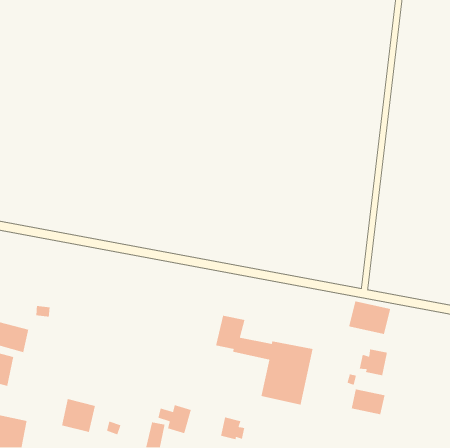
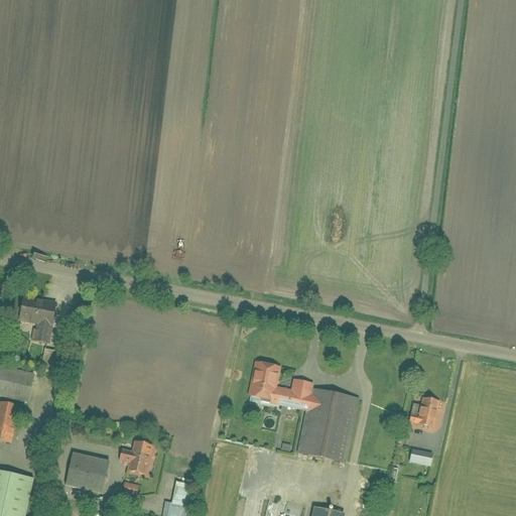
building: none -> [20,292,55,341]
building: [348,301,391,335] -> none
building: [157,404,192,434] -> [115,441,154,476]
building: [220,417,245,440] -> none

